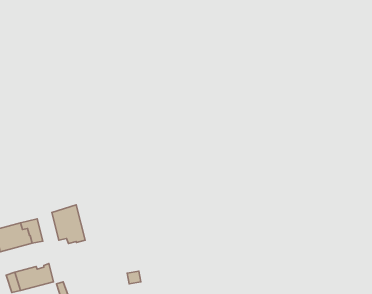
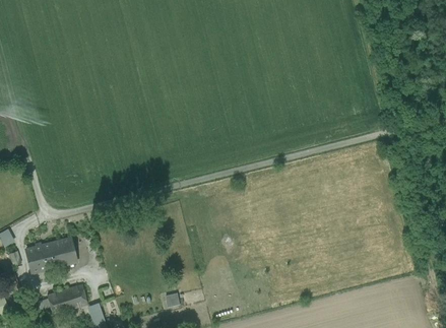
building: [52,205,85,244] -> none

